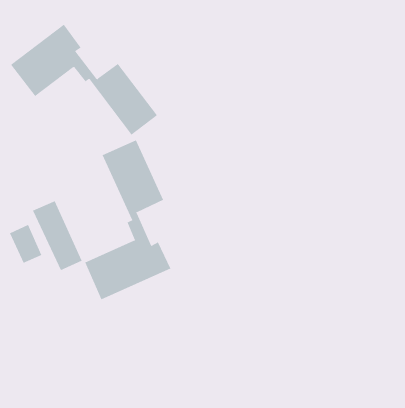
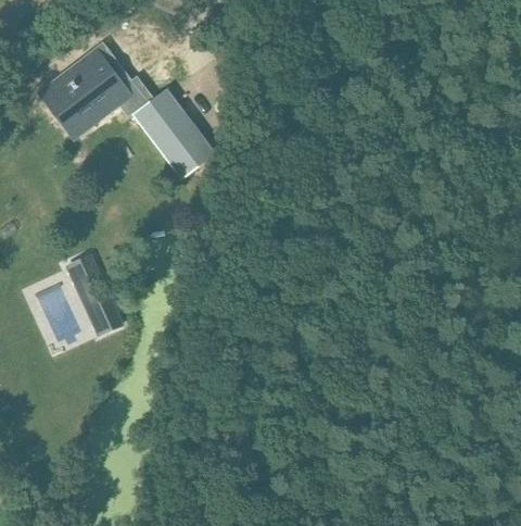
building: [84,140,171,300] -> none

